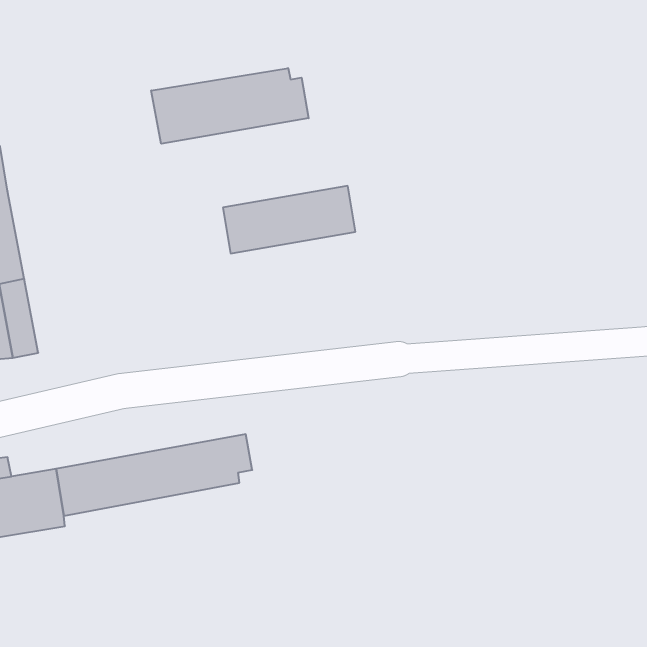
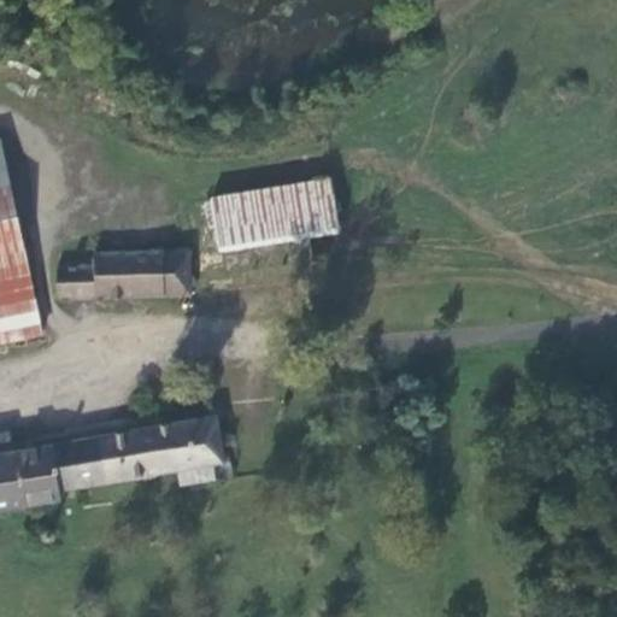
building: [151,68,309,144] -> none
building: none -> [55,251,190,299]

